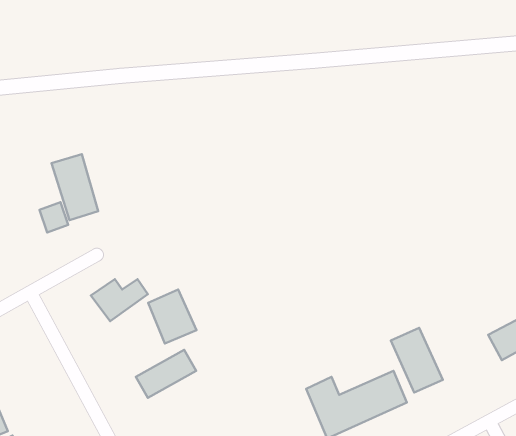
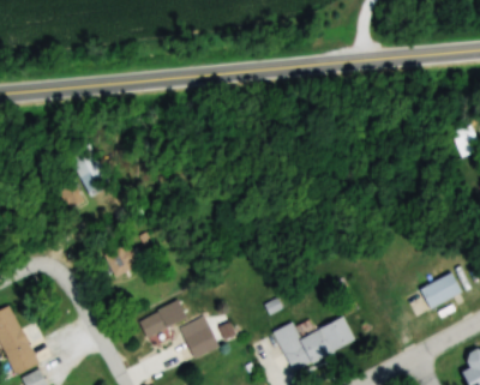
building: [148,289,196,344] -> [180,317,218,360]
building: [391,328,443,392] -> none

